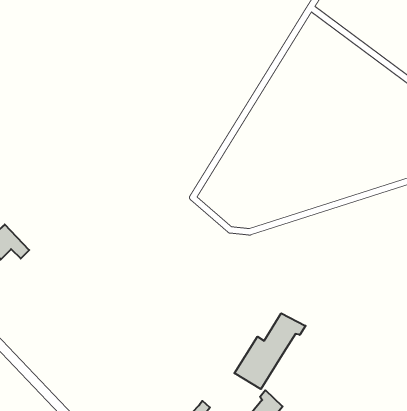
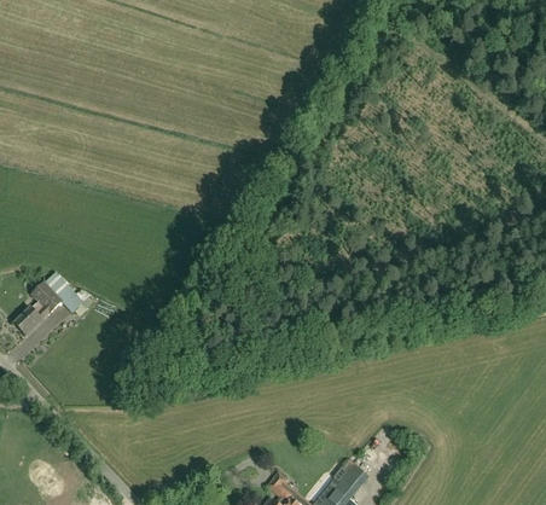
building: [234,313,306,389] -> none

